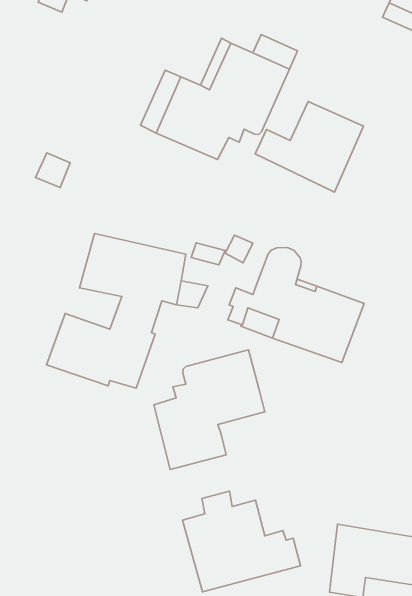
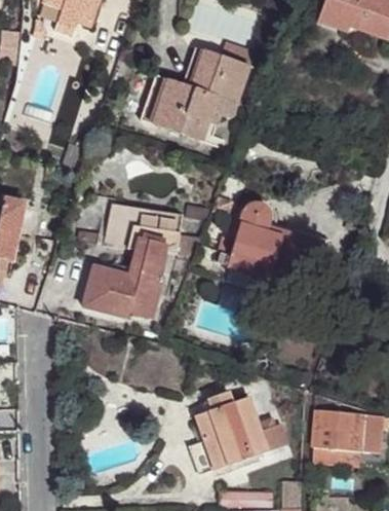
building: [255,101,363,192] -> none
building: [154,350,265,469] -> none

